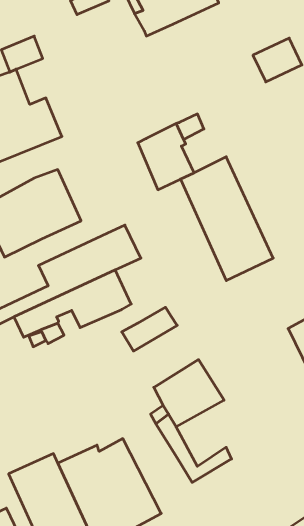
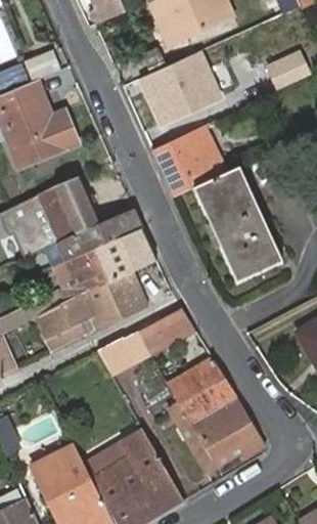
building: none -> [136,52,224,131]
building: none -> [49,217,124,270]
building: none -> [97,332,149,372]
building: none -> [190,397,266,461]

